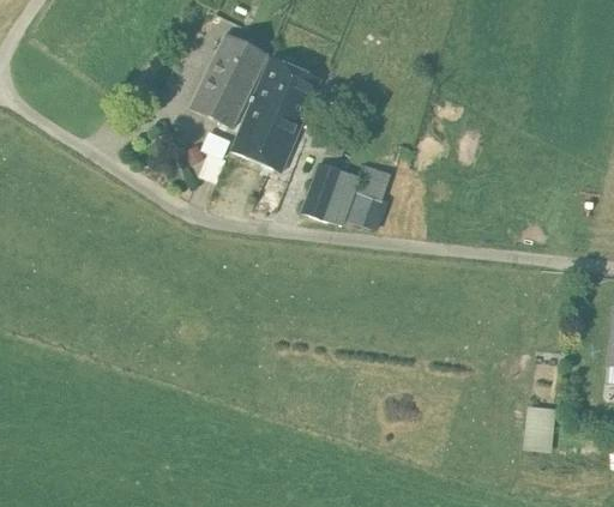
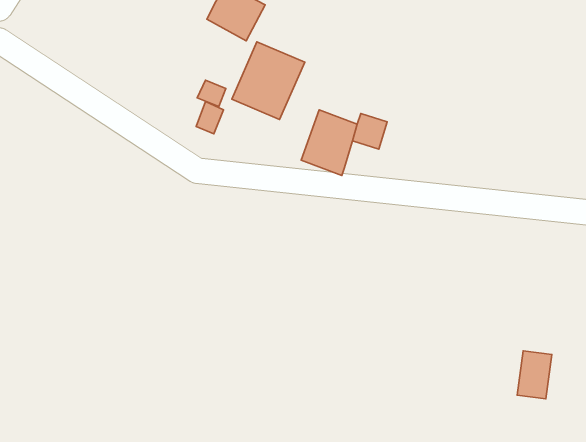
building: [259,60,321,113] -> none
building: [189,70,248,127] -> none
building: [347,192,383,228] -> none

